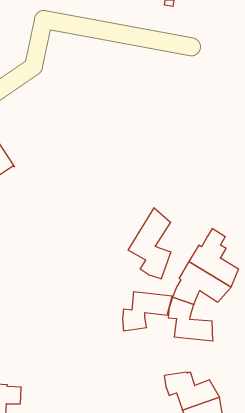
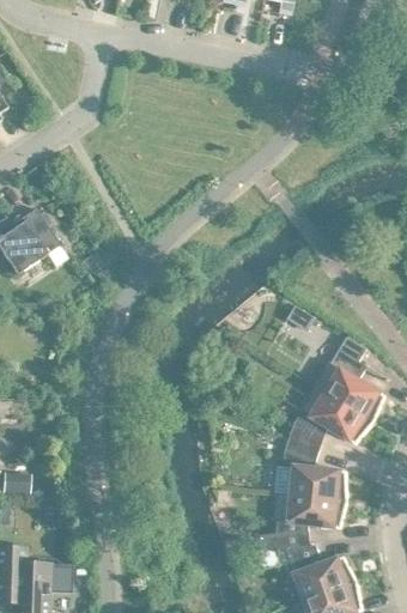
building: [128,208,171,279] -> none
building: [123,292,172,331] -> [275,493,347,550]

